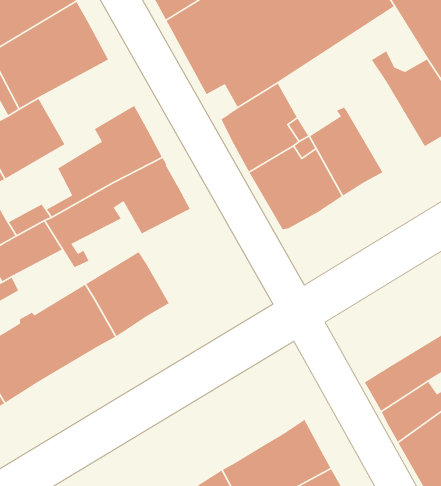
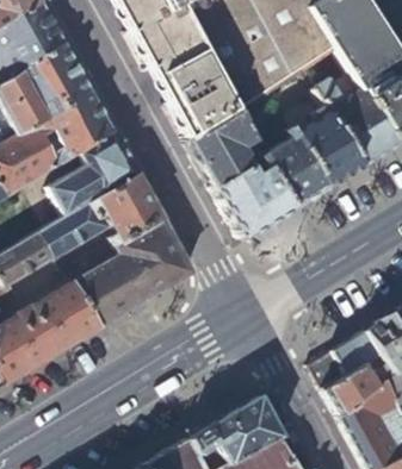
building: none -> [35,92,116,163]
building: none -> [296,110,361,187]
building: none -> [113,218,192,298]

